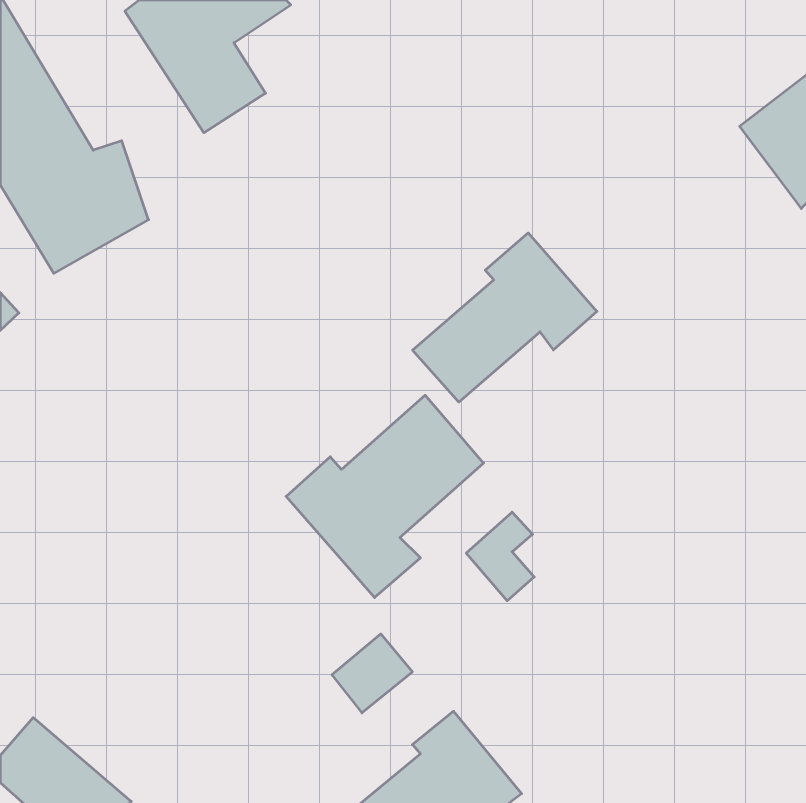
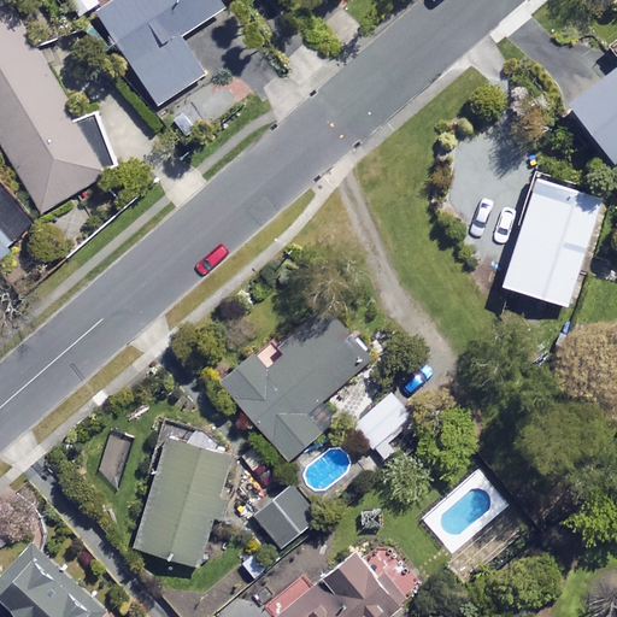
building: none -> [500,176,601,306]
building: [413,233,597,402] -> none
building: none -> [134,436,230,565]

